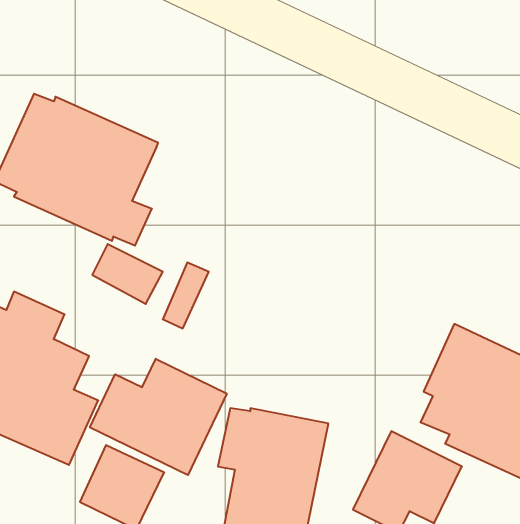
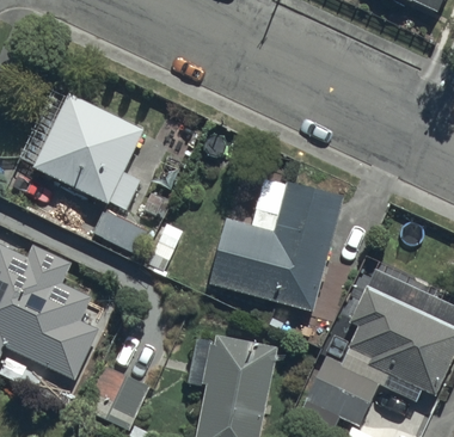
building: none -> [208,178,342,313]
building: [90,359,227,475] -> none

